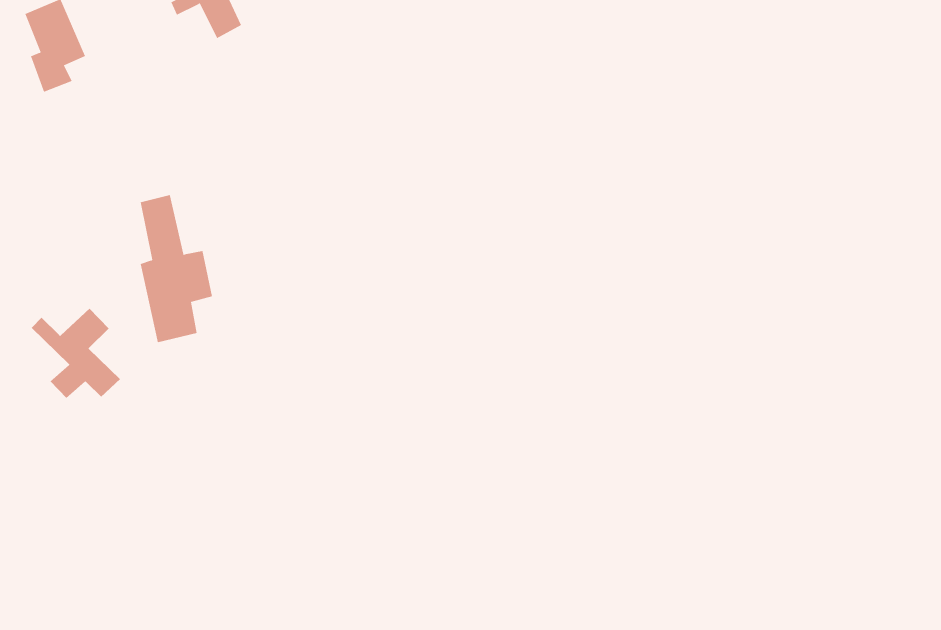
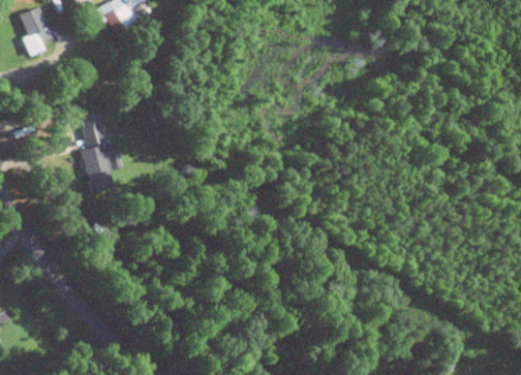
building: [31,308,121,399] -> none

